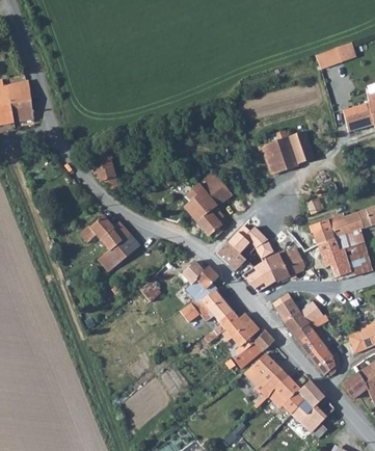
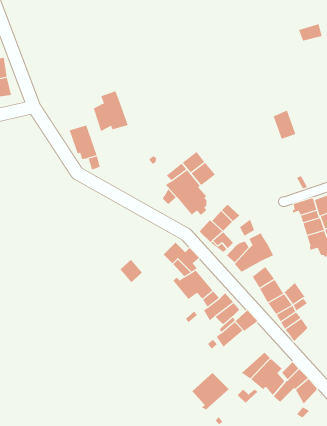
building: none -> [93,91,128,132]
building: [263,136,299,174] -> none
building: [80,214,139,270] -> none
building: [279,247,305,275] -> none
building: [311,347,336,376] -> none
building: [244,353,282,391] -> [191,372,229,410]

